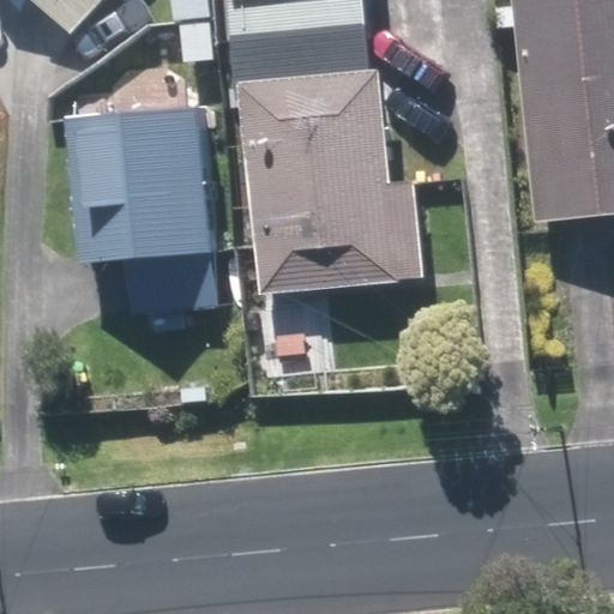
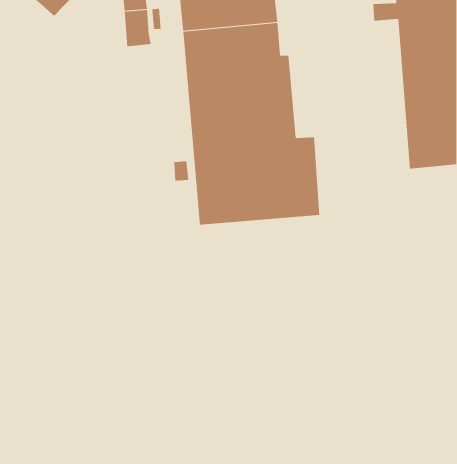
building: [71,108,216,312] -> none

